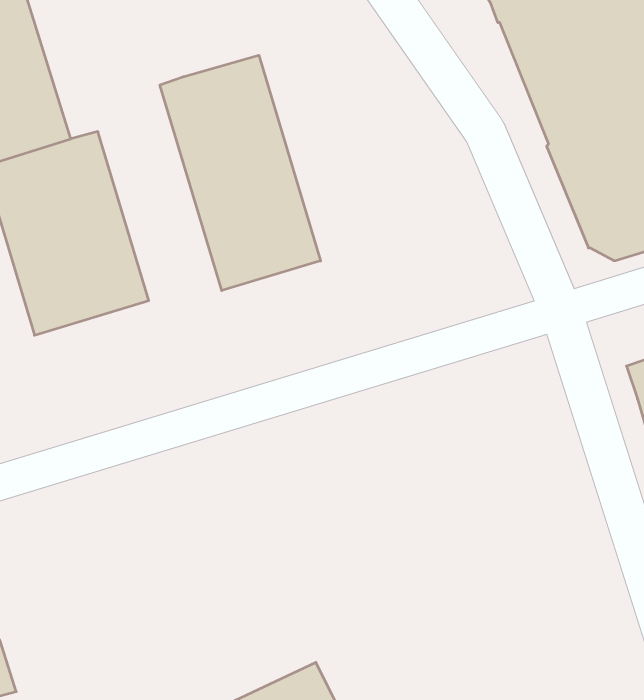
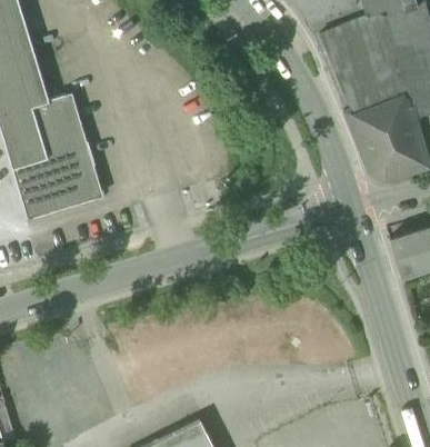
building: [160,55,321,291] -> none

